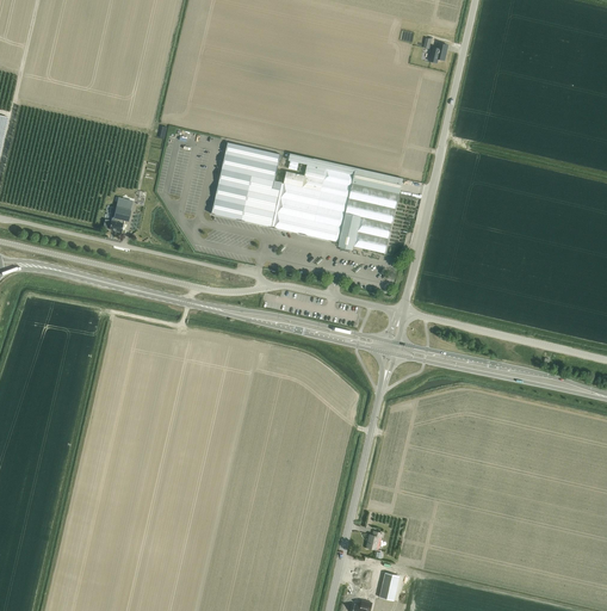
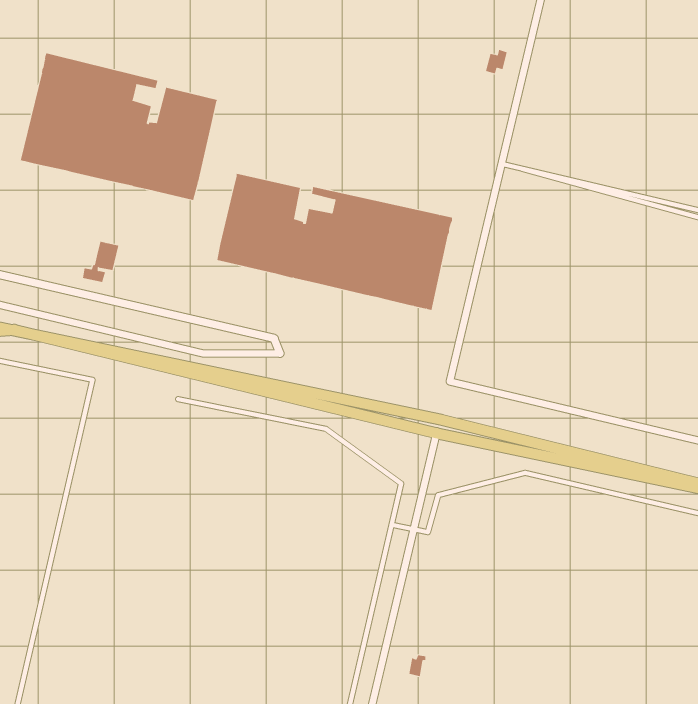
building: none -> [20,53,218,201]

